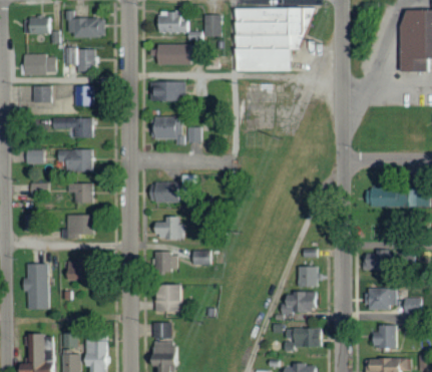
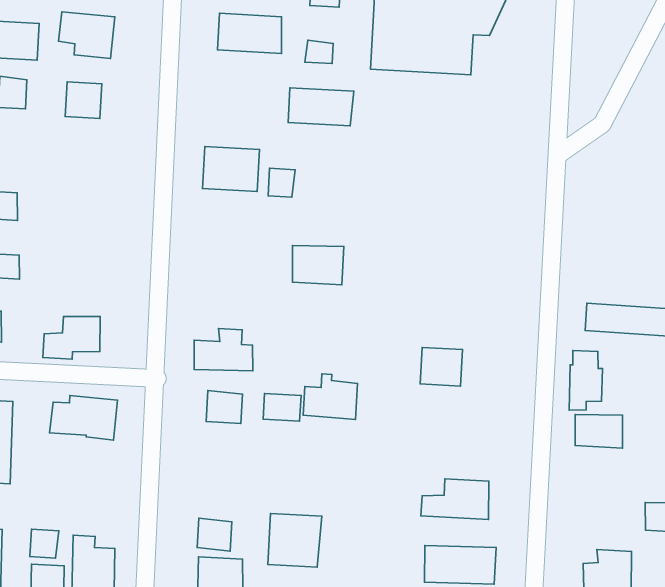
building: [147,82,182,101] -> [288,88,354,126]
building: [68,118,90,137] -> none
building: [61,148,94,170] -> none
building: [72,181,96,203] -> none
building: [146,181,174,203] -> [292,246,344,285]
building: none -> [569,351,602,410]
building: none -> [303,374,358,420]
building: [294,267,316,287] -> [420,347,462,386]
building: [159,283,187,311] -> [268,513,322,567]
building: [363,289,394,308] -> none

